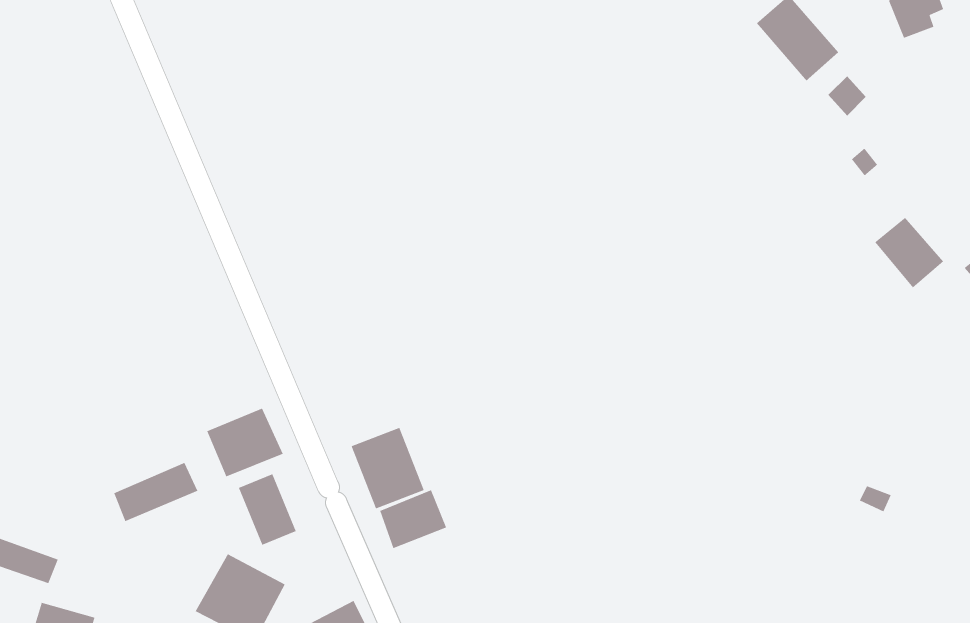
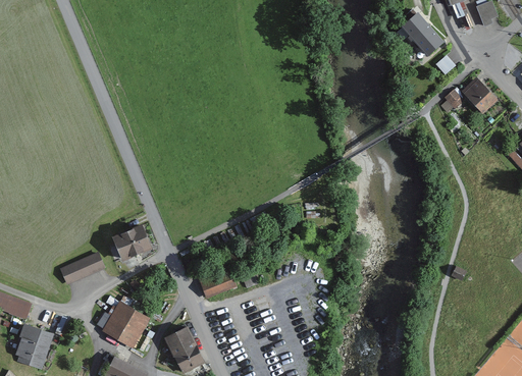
building: [874,217,944,289] -> [461,75,498,113]
building: [350,427,425,510] -> none
building: [238,473,297,546] -> none

